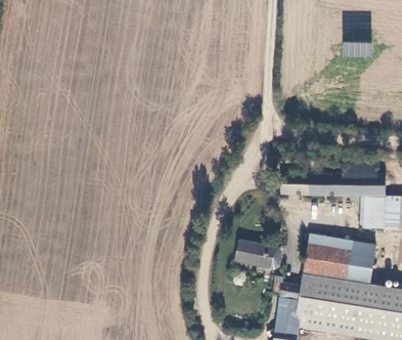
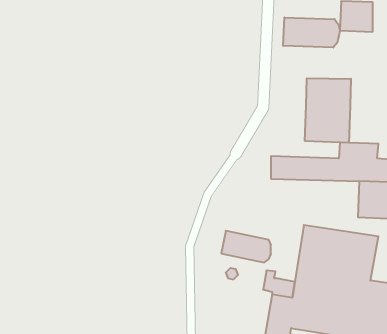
building: none -> [283,17,340,48]
building: none -> [305,78,351,143]

